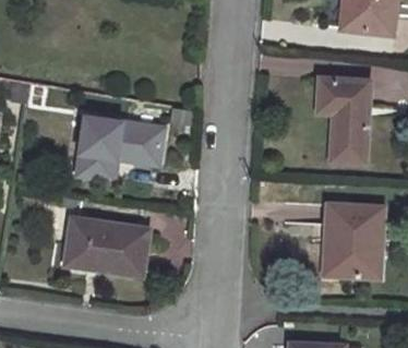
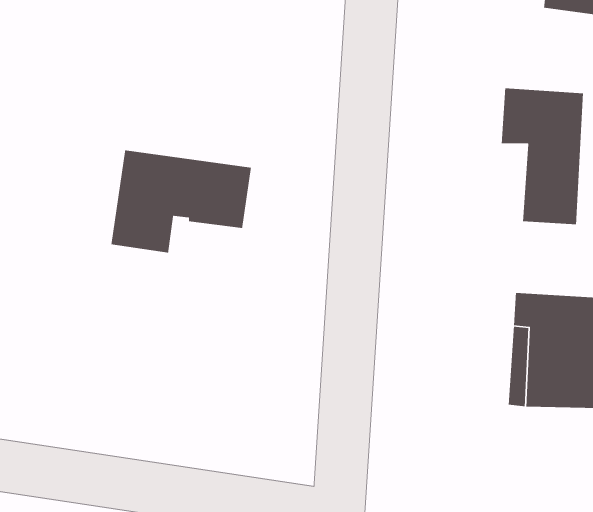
building: [67,218,149,276] -> none

